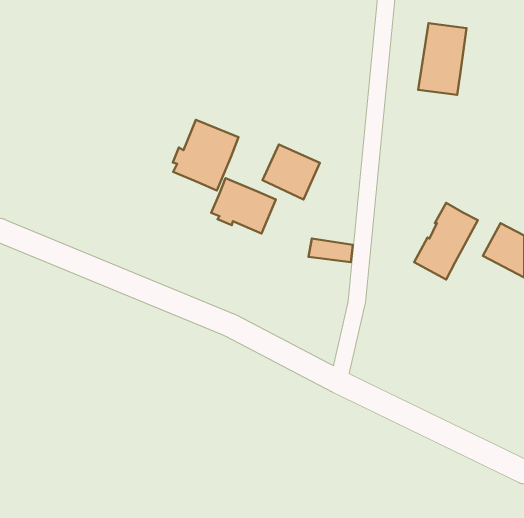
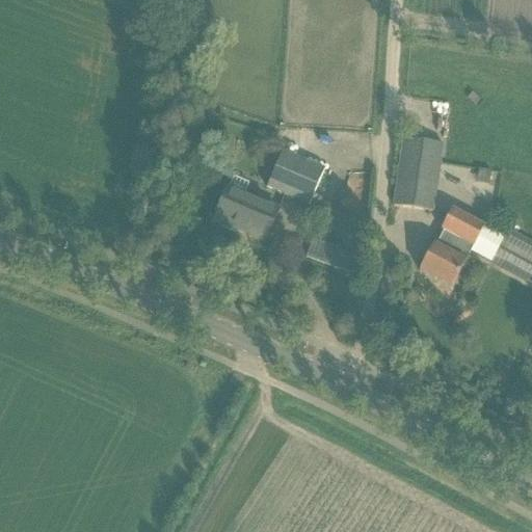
building: [418,23,466,95] -> [393,135,442,208]
building: [173,120,238,190] -> none

